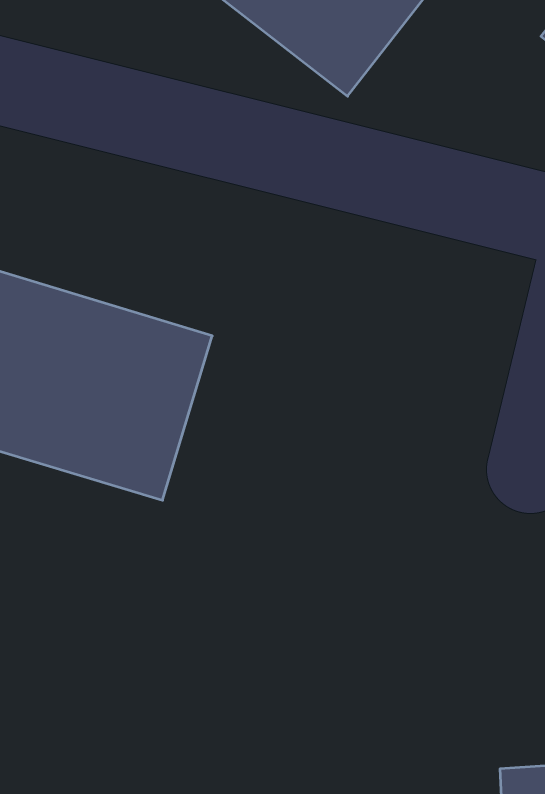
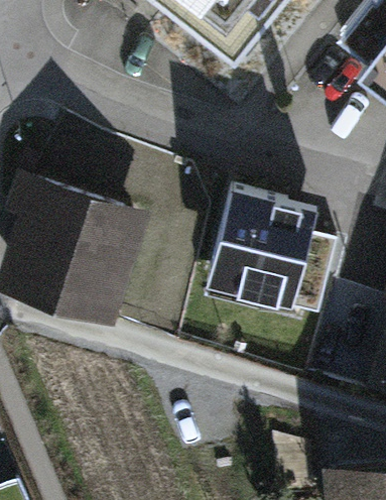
building: none -> [220,189,329,304]

